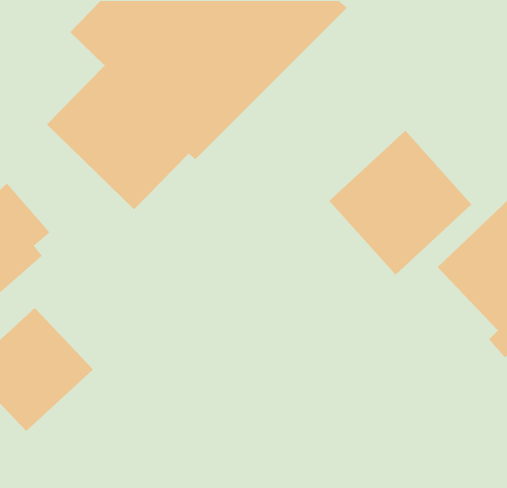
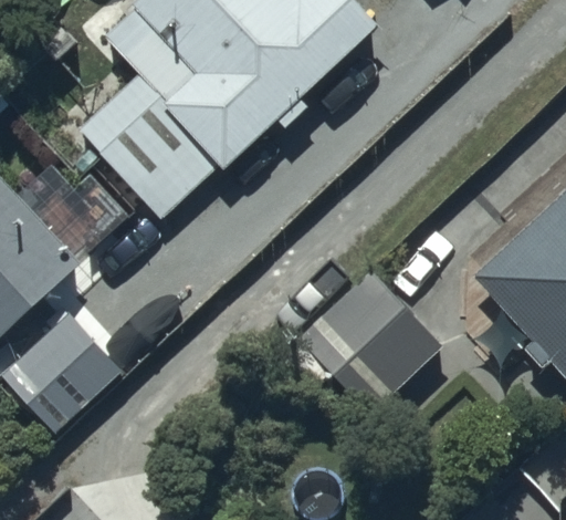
building: [329,130,472,276] -> none
building: none -> [301,269,442,412]

